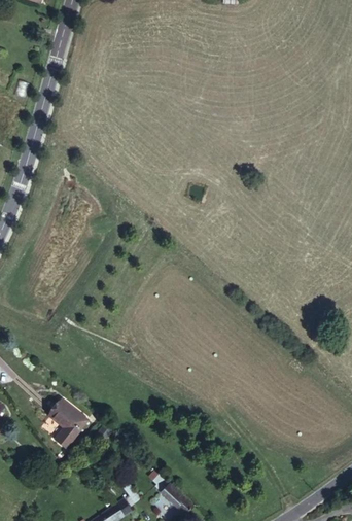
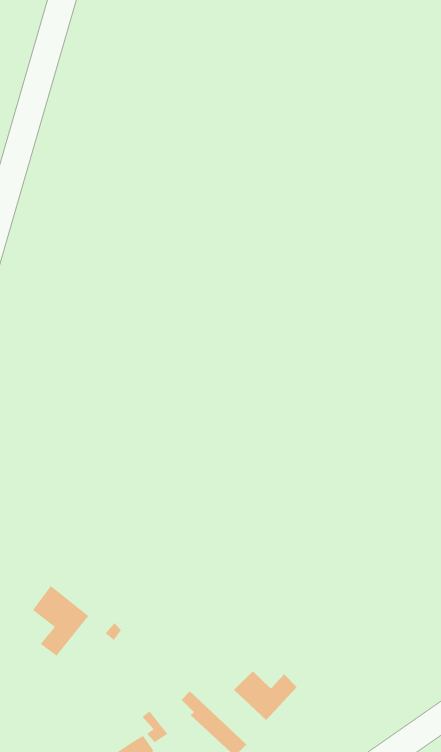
building: none -> [233,670,298,721]

